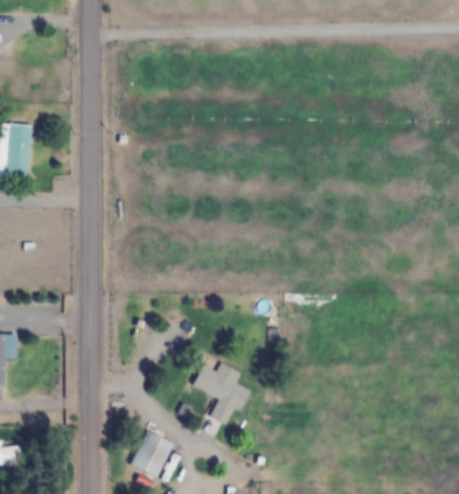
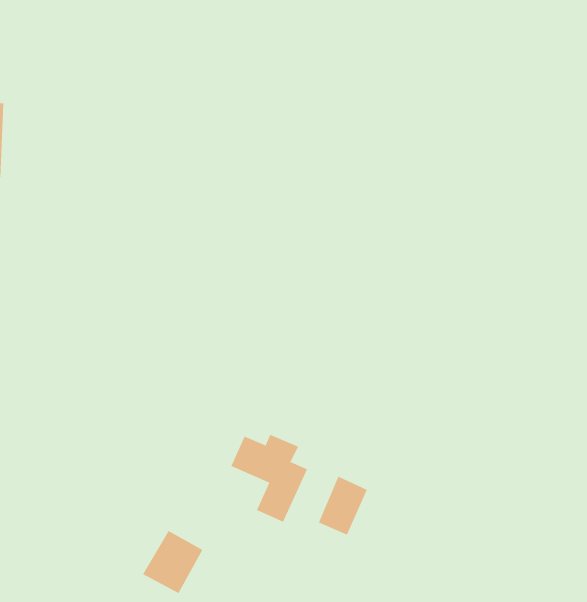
building: none -> [318,476,368,535]

